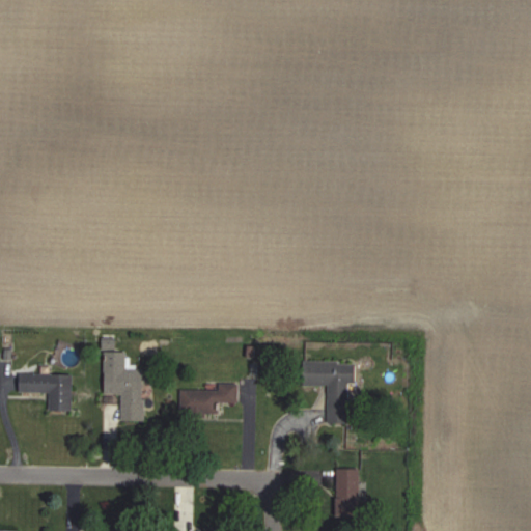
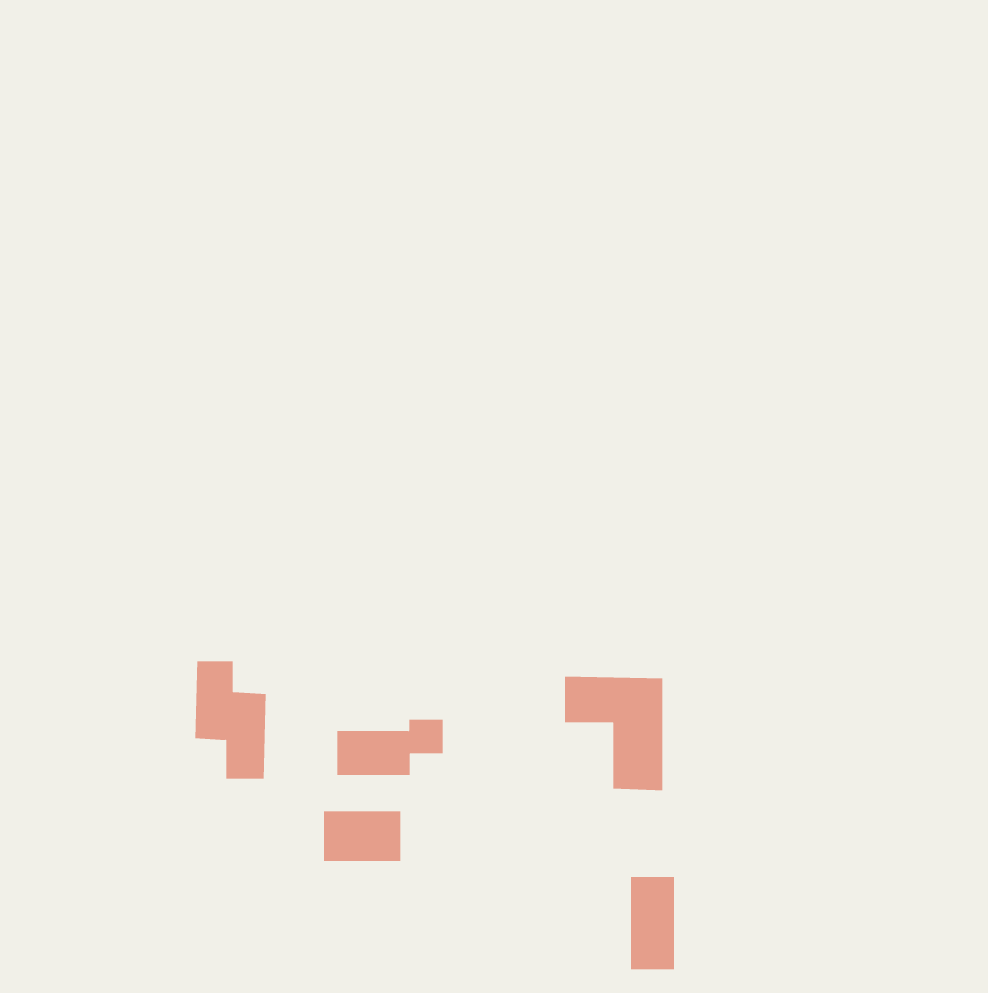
building: [19,374,72,412] -> none
building: none -> [324,810,401,862]

